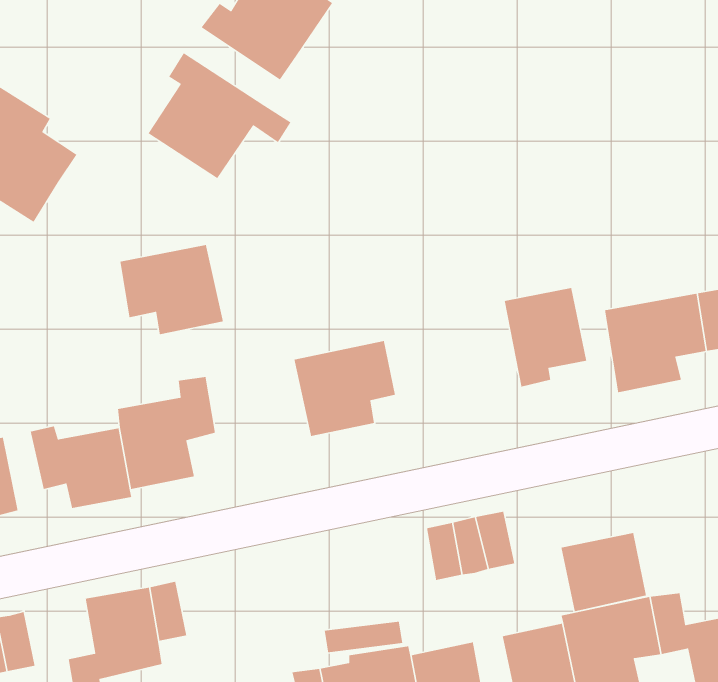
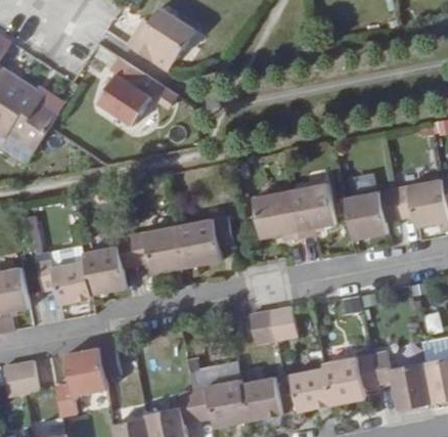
building: [119,244,224,335] -> [130,224,186,273]
building: none -> [254,192,300,243]
building: [560,532,647,612] -> none

